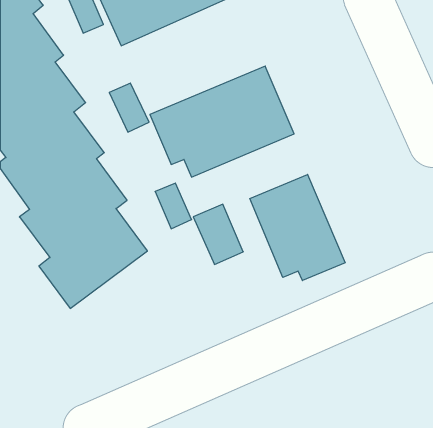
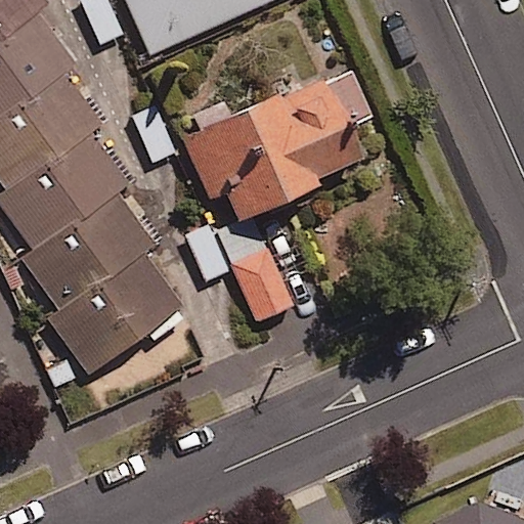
building: [250,174,345,281] -> none

